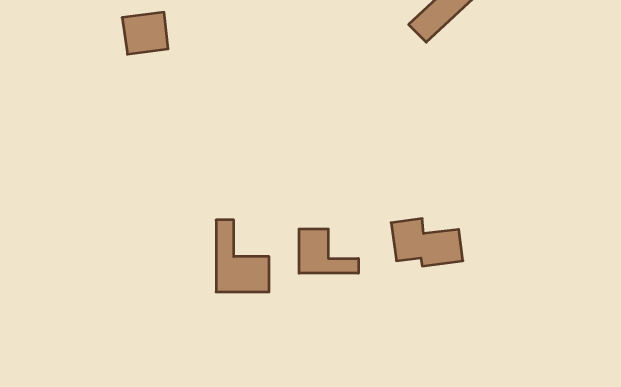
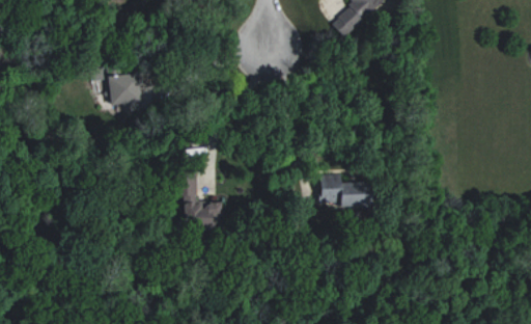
building: [122,12,168,54] -> [107,73,142,105]
building: [299,229,358,273] -> none

